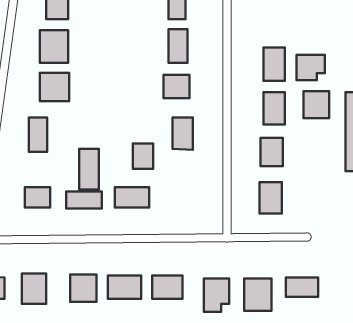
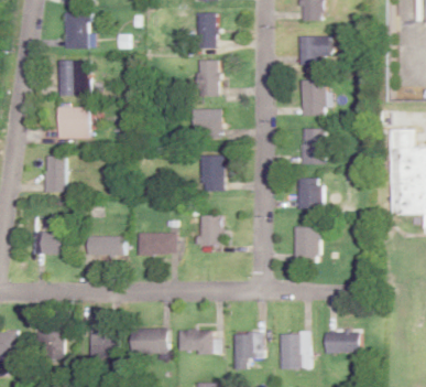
building: [297,55,325,80] -> [298,36,329,64]
building: [304,91,329,118] -> none
building: [133,144,153,169] -> [200,215,222,243]
building: [79,149,99,190] -> none

